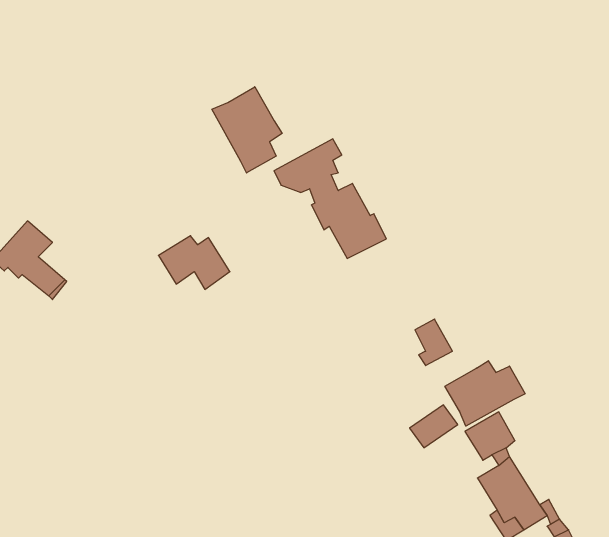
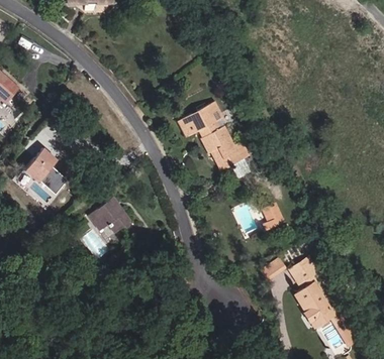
building: [212,87,282,173] -> none
building: [158,236,230,289] -> [94,206,134,236]
building: [445,361,525,426] -> none

